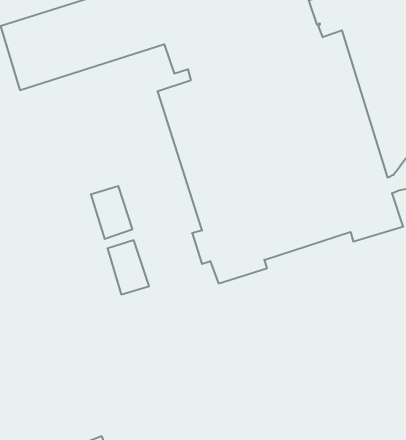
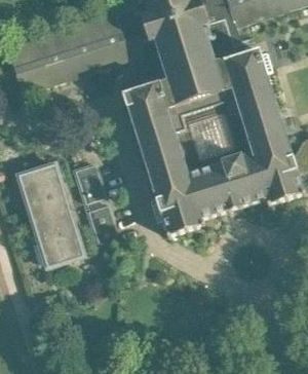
building: none -> [16,163,82,267]

